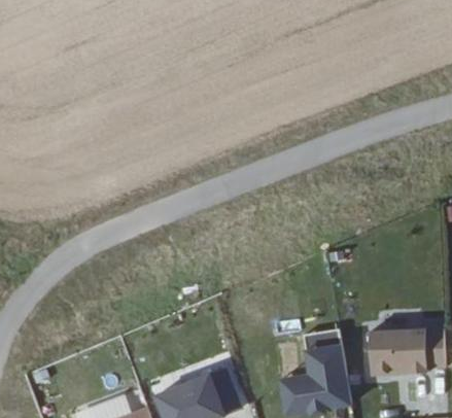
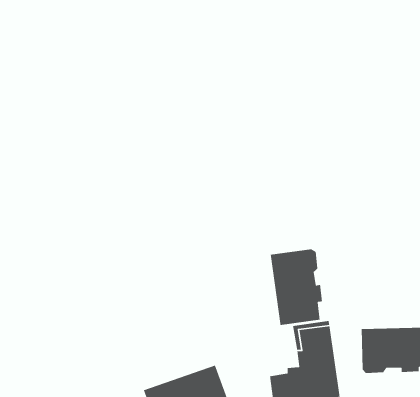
building: none -> [270,248,323,326]

